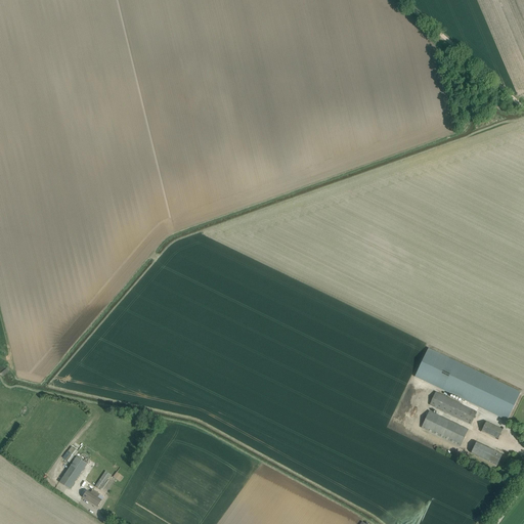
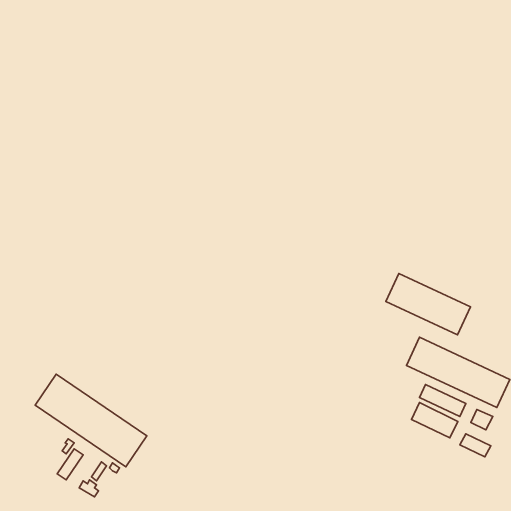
building: none -> [386,273,471,335]
building: none -> [35,374,147,467]

